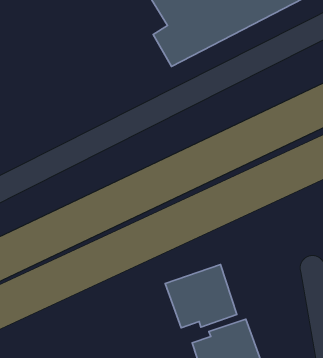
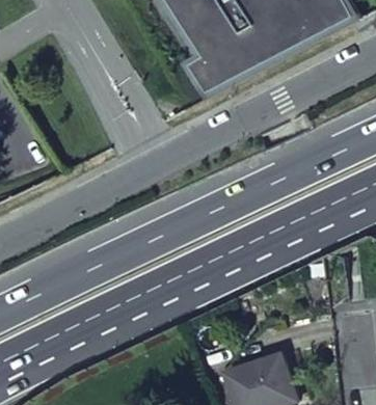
building: [165,264,237,328] -> none

